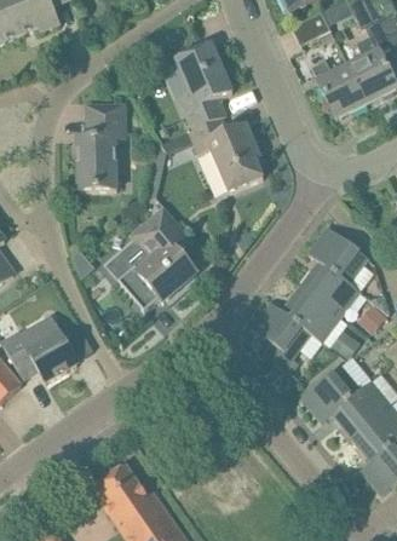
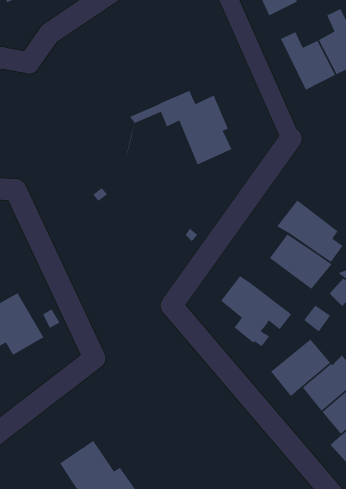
building: [160,42,232,144] -> none
building: [77,104,126,190] -> none
building: [119,206,196,310] -> none
building: [282,284,343,341] -> none

